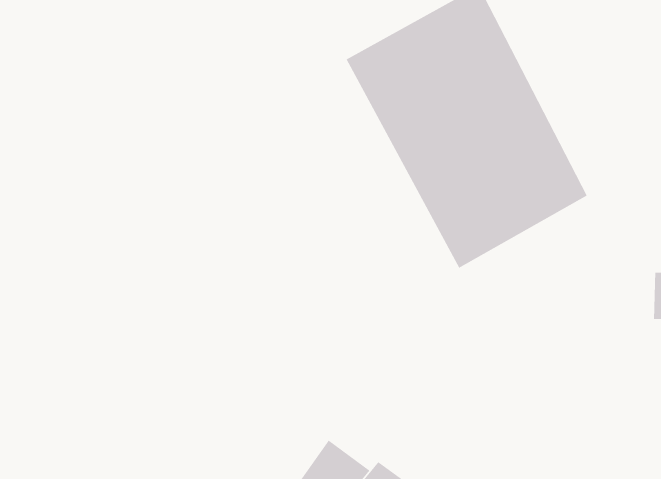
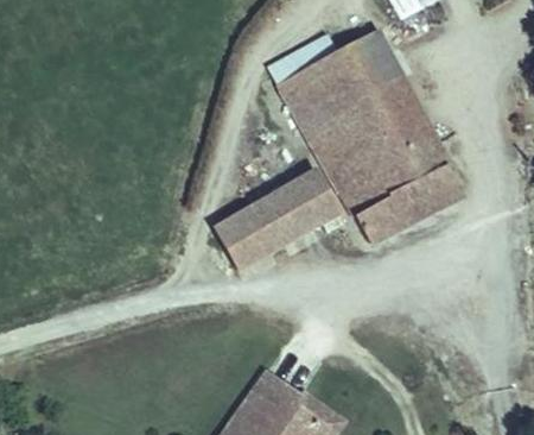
building: none -> [212,171,335,271]

